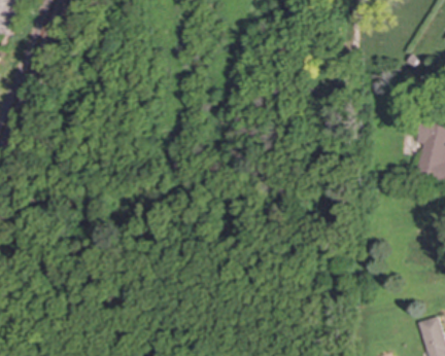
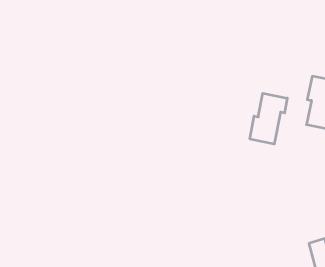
building: none -> [250,93,287,144]

